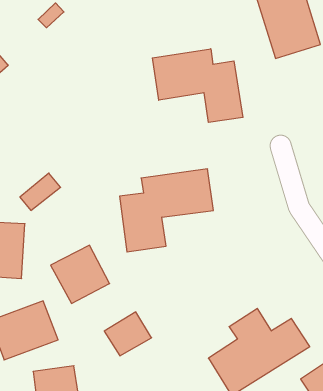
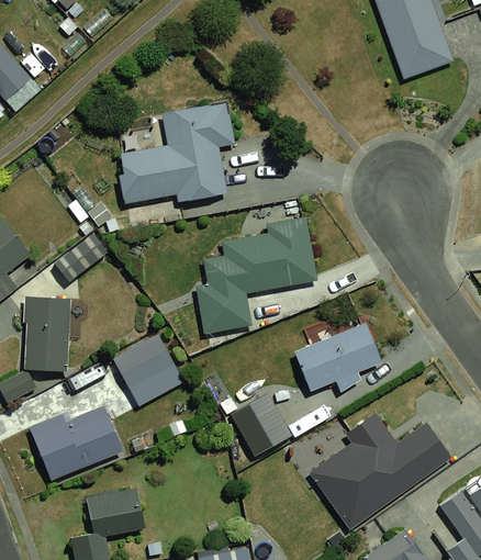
building: [152,49,243,122] -> none
building: none -> [112,103,236,208]
building: none -> [292,317,387,394]
building: [104,312,152,356] -> [225,390,288,448]

